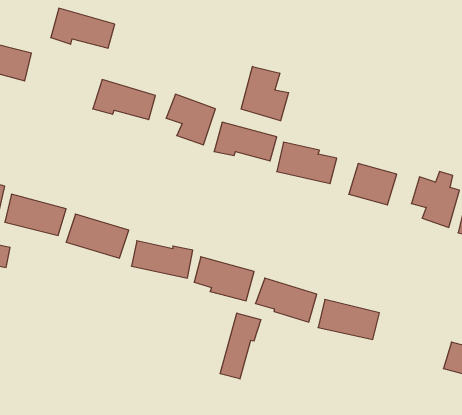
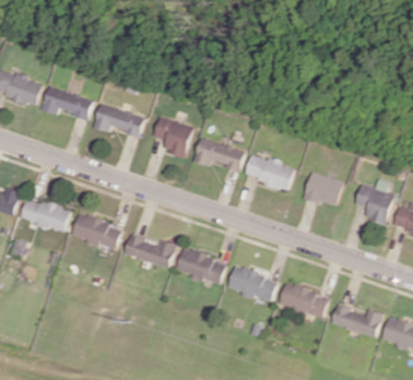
building: [51,8,115,48] -> [42,86,94,119]
building: [241,66,289,121] -> none
building: [220,313,261,379] -> none
building: none -> [330,306,381,336]

